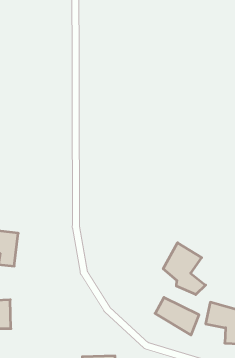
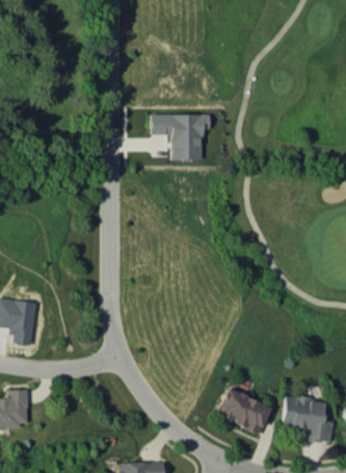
building: none -> [148,112,212,159]
building: [163,243,206,295] -> none

